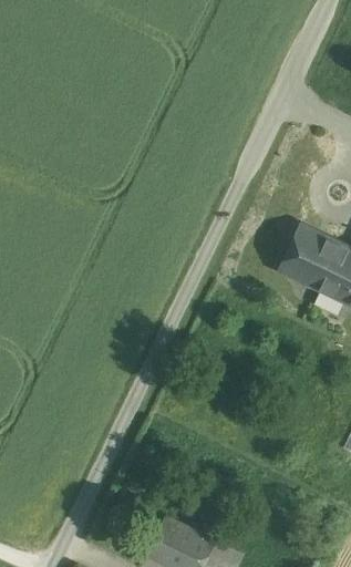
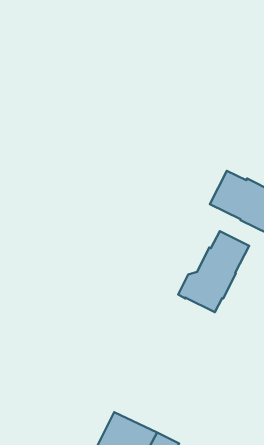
building: none -> [178,231,249,312]

